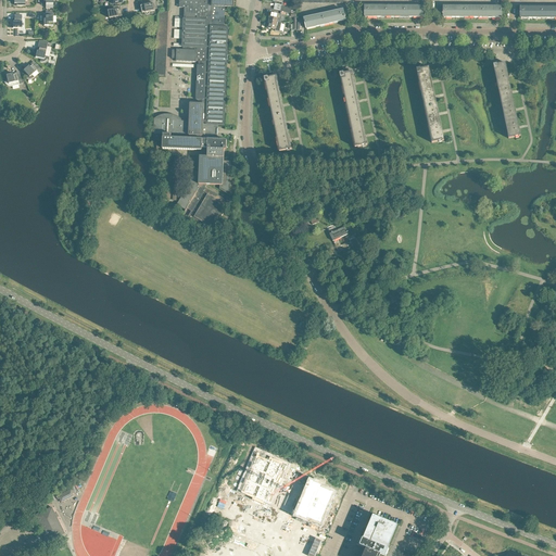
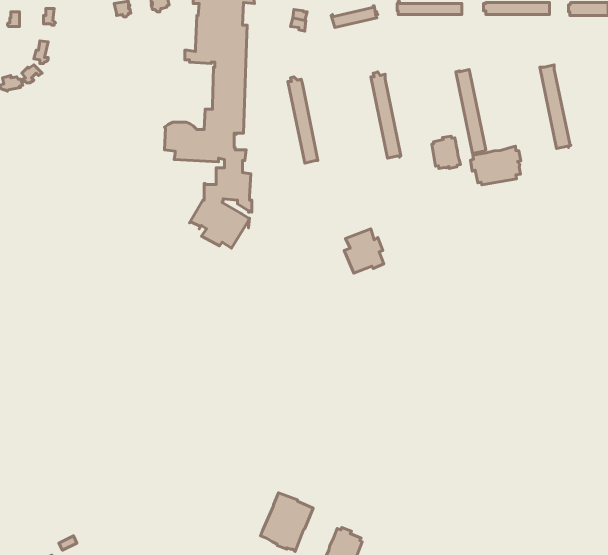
building: none -> [432,136,460,169]
building: none -> [470,146,521,185]

